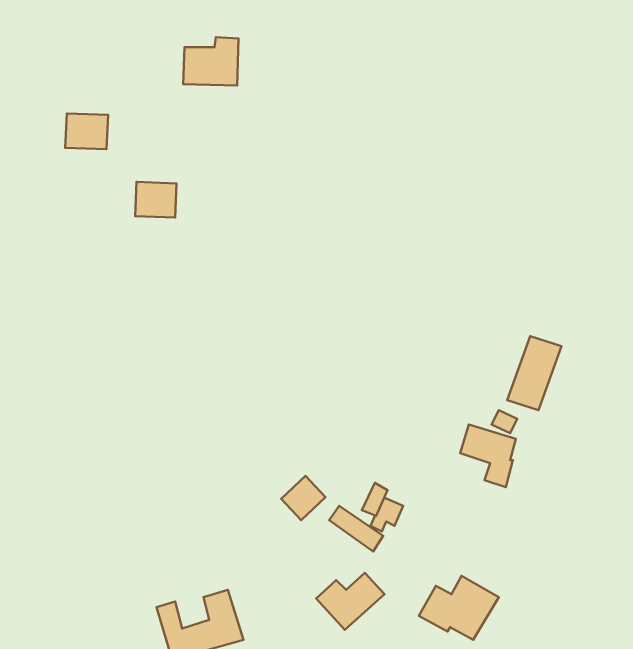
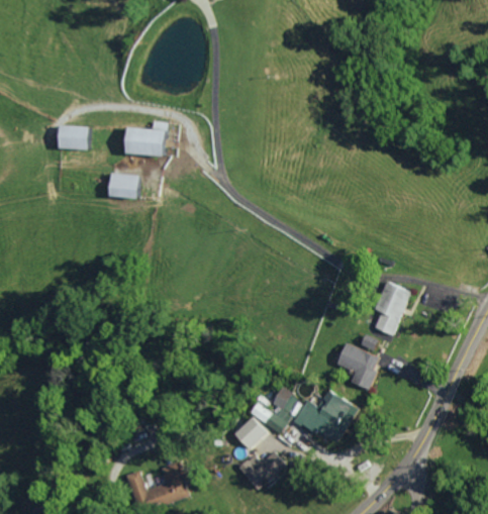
building: [183,37,239,86] -> [128,120,168,155]
building: [281,476,325,520] -> [232,416,264,447]
building: [419,576,499,640] -> [293,392,350,437]

